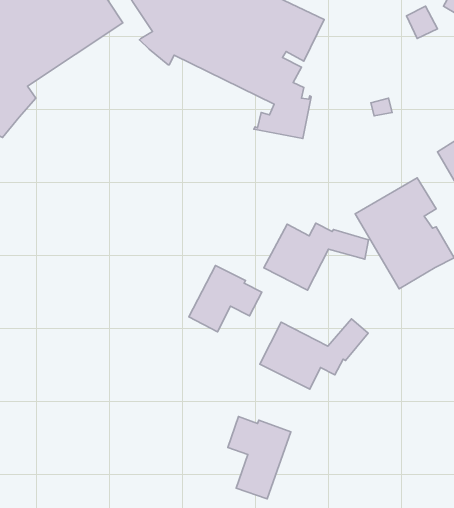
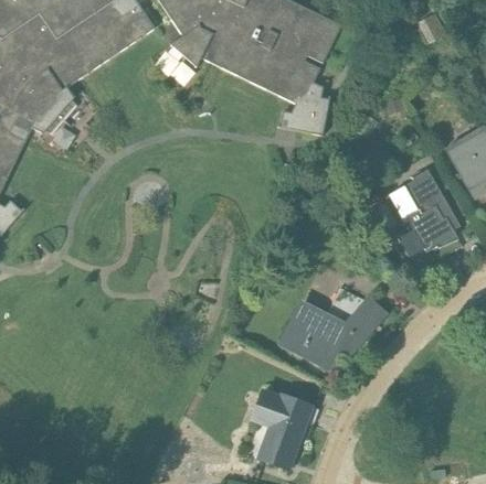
building: [264,223,369,290] -> none
building: [189,265,262,332] -> none

